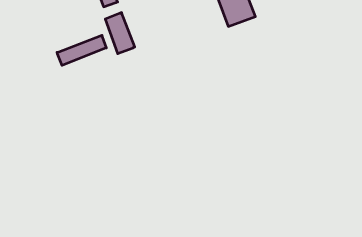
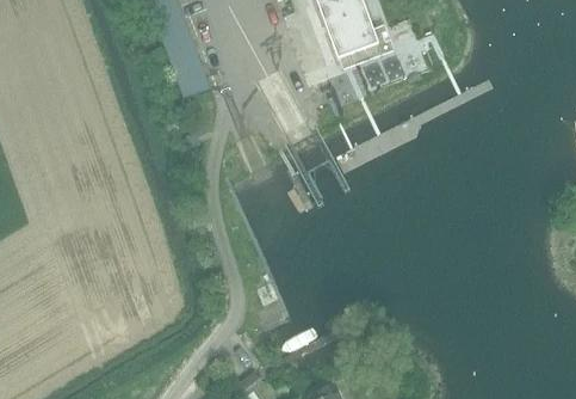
building: [57,35,106,65] -> none

